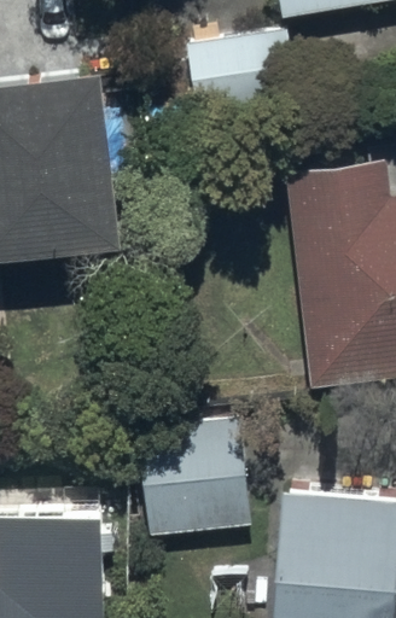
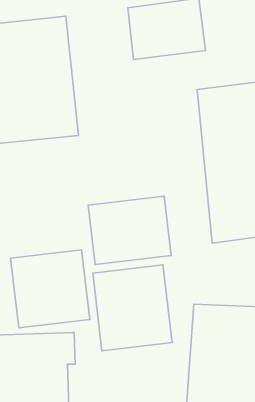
building: none -> [88,196,171,264]
building: none -> [11,250,90,328]

